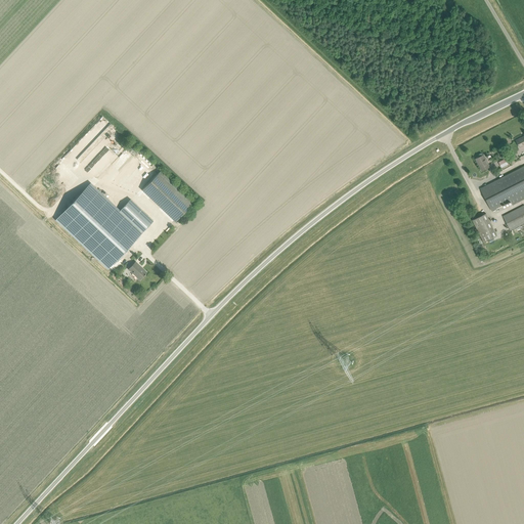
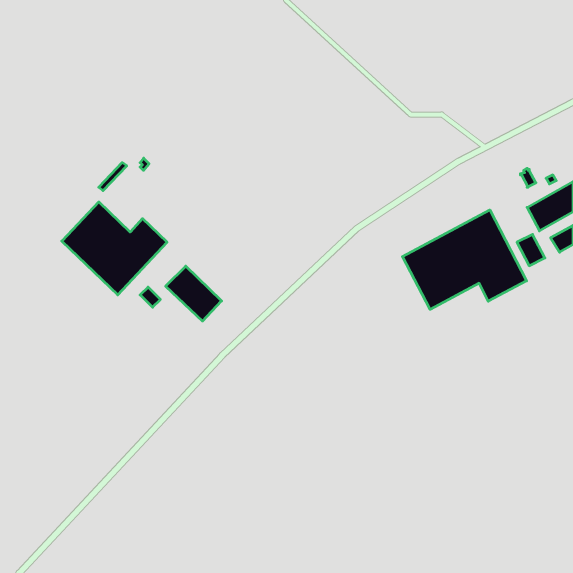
building: [141,172,192,222] -> [166,266,222,321]
building: none -> [402,210,527,309]

